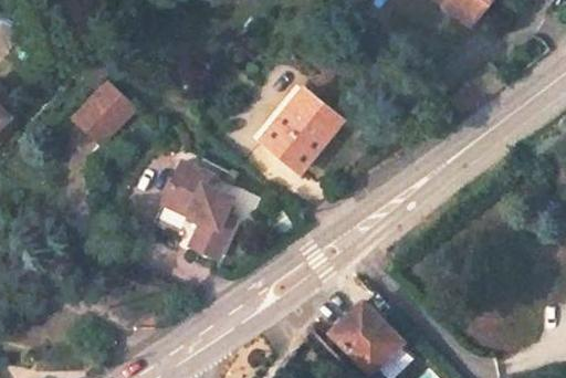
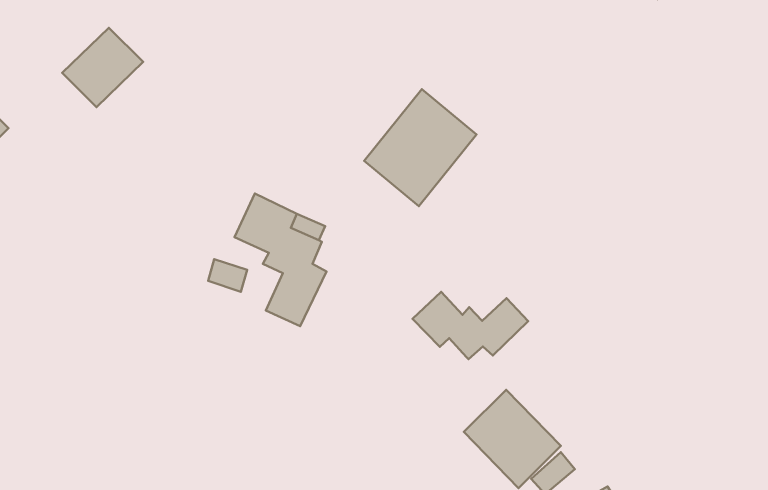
building: [75,85,133,141] -> [62,28,143,107]
building: none -> [413,292,528,359]

